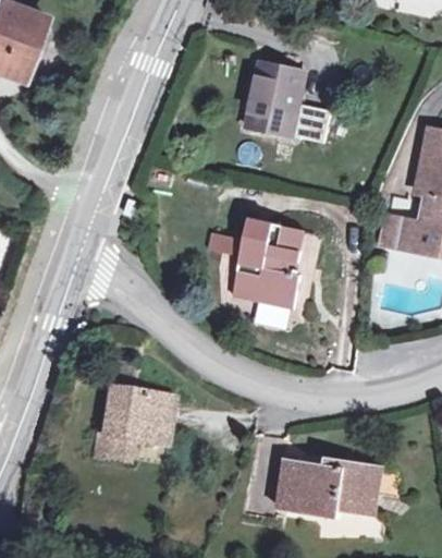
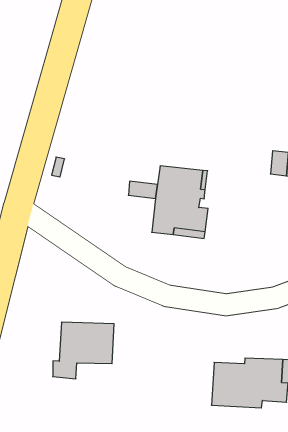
building: [246,62,329,142] -> none

